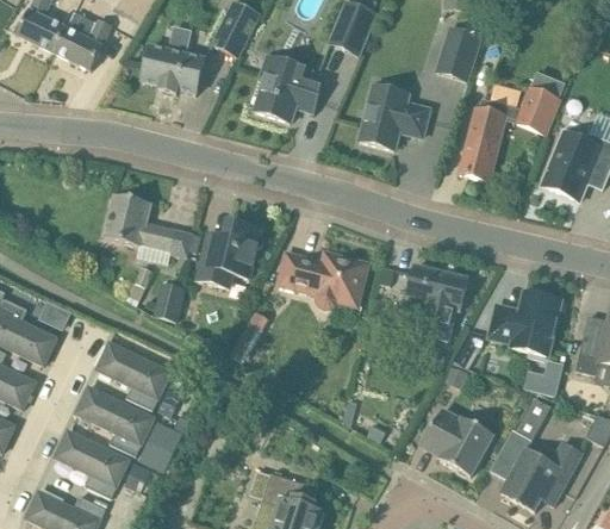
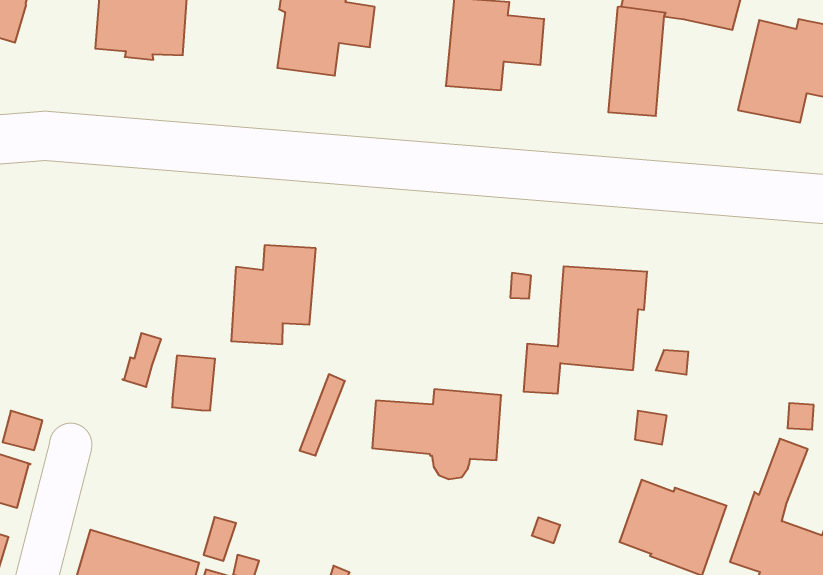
building: [104,194,193,263] -> none
building: [279,251,366,310] -> [372,389,501,479]
building: [488,290,561,354] -> none
building: [97,341,170,407] -> none

